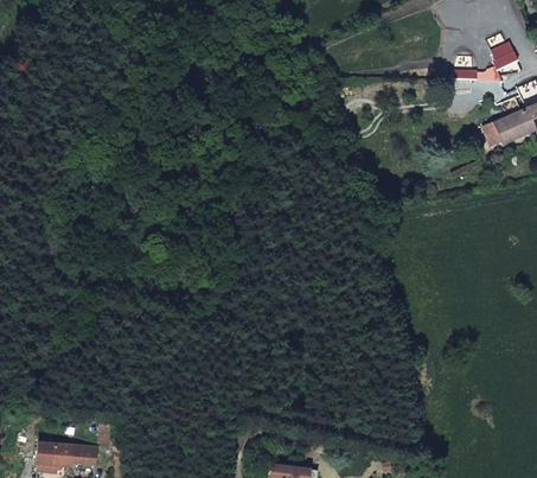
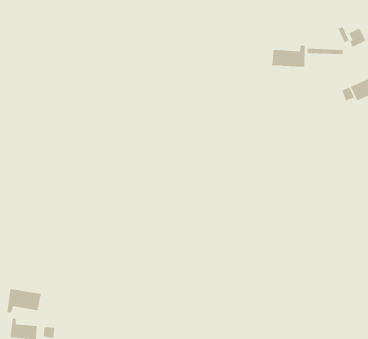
building: none -> [271,45,306,68]
building: none -> [6,288,42,313]

